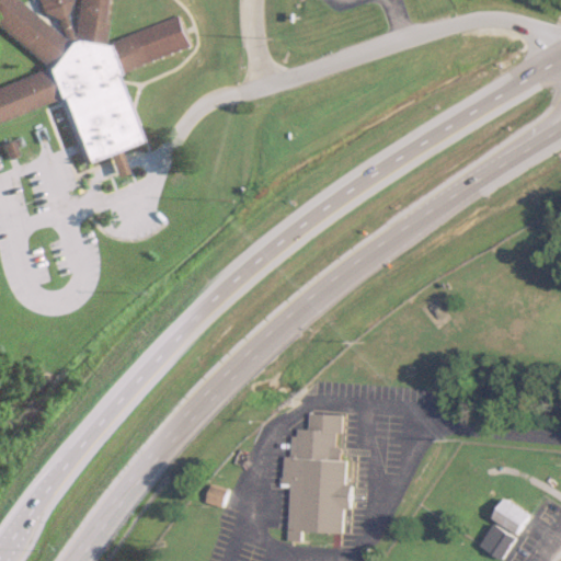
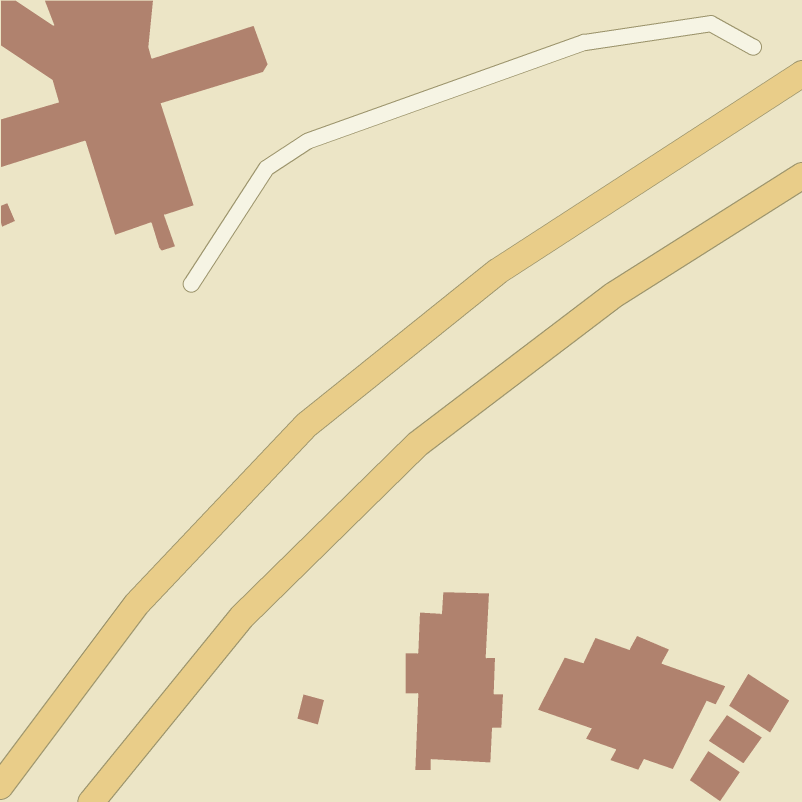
building: none -> [537,635,726,770]
building: none -> [728,673,790,734]

